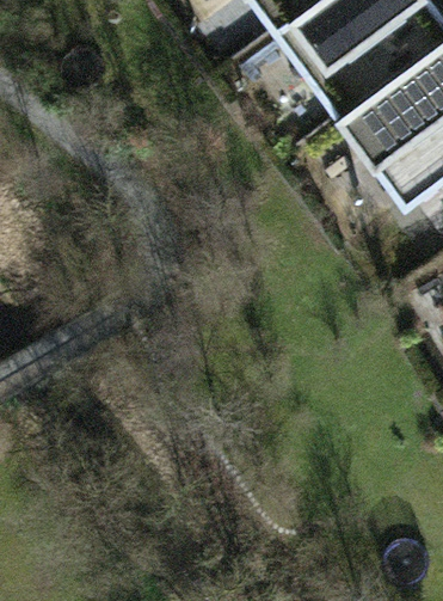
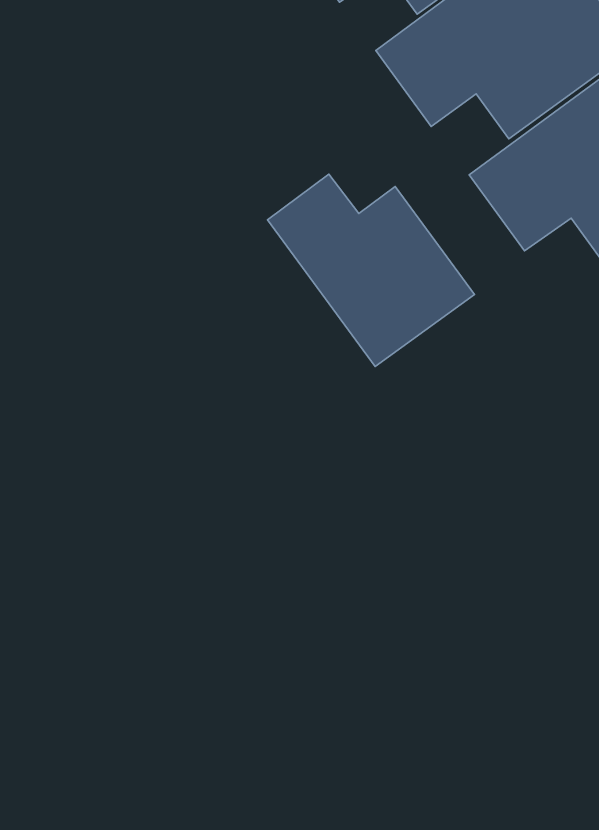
building: none -> [267,174,475,367]

